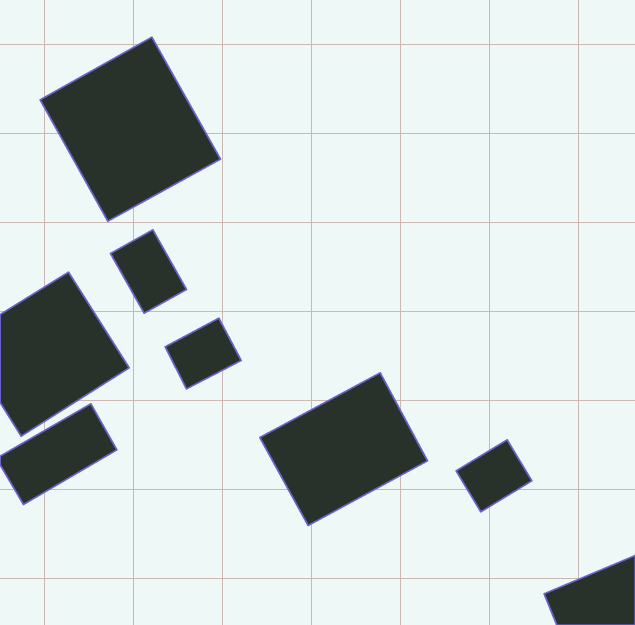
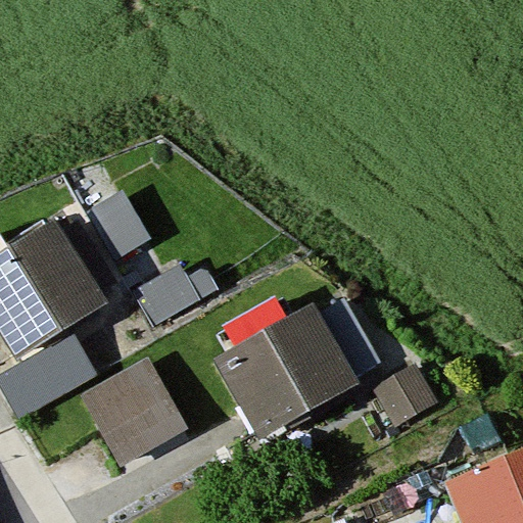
building: [40,37,220,221] -> none
building: none -> [85,359,187,462]

